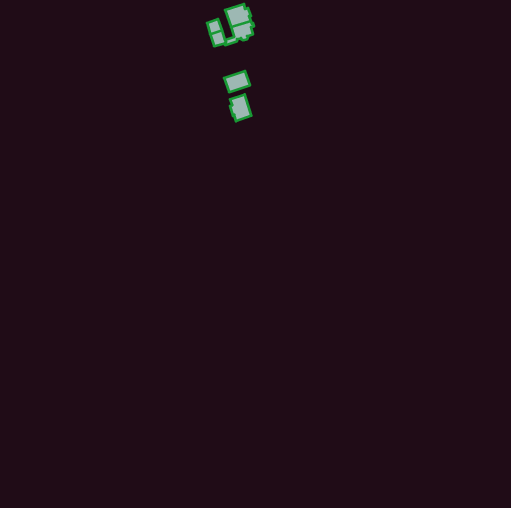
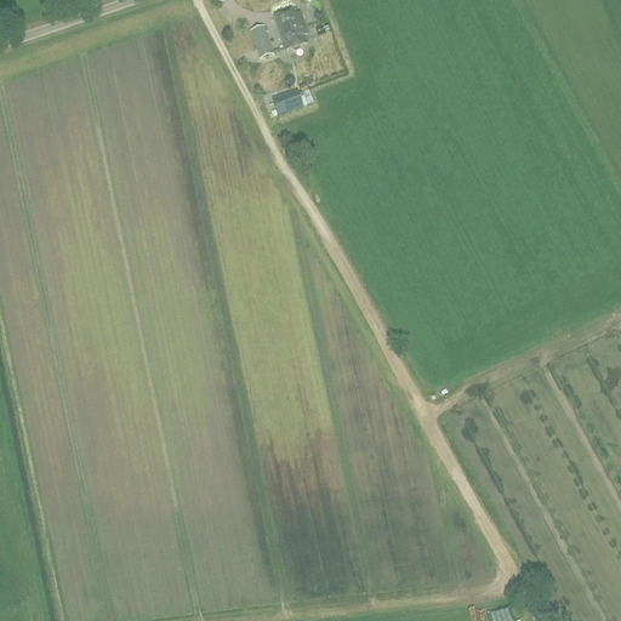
building: [230,94,251,121] -> none

